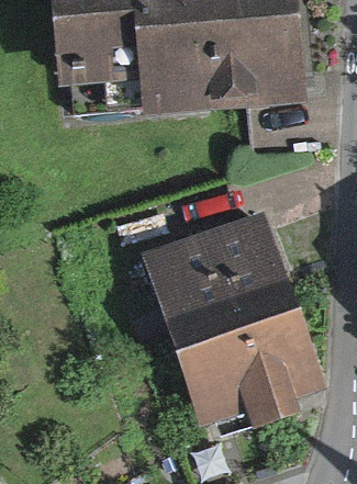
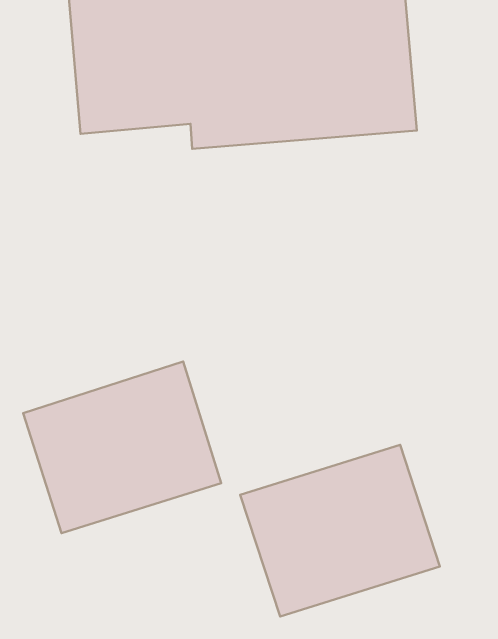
building: [149,225,280,338] -> [23,362,221,533]

